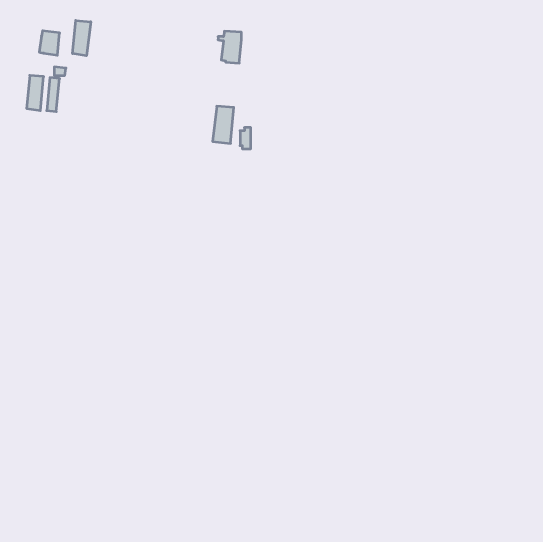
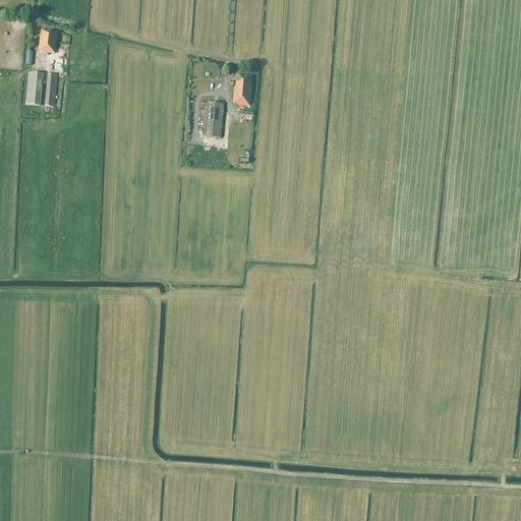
building: [73,20,91,56] -> none
building: [218,31,241,63] -> [230,75,252,106]

